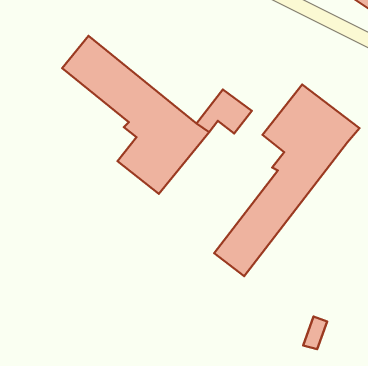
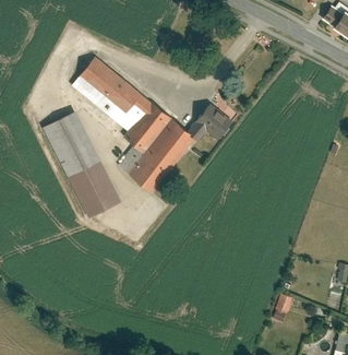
building: [214,85,360,276] -> none
building: none -> [36,105,116,213]

